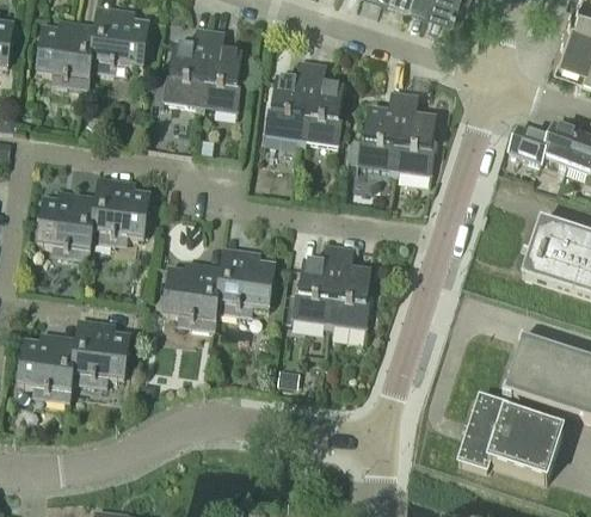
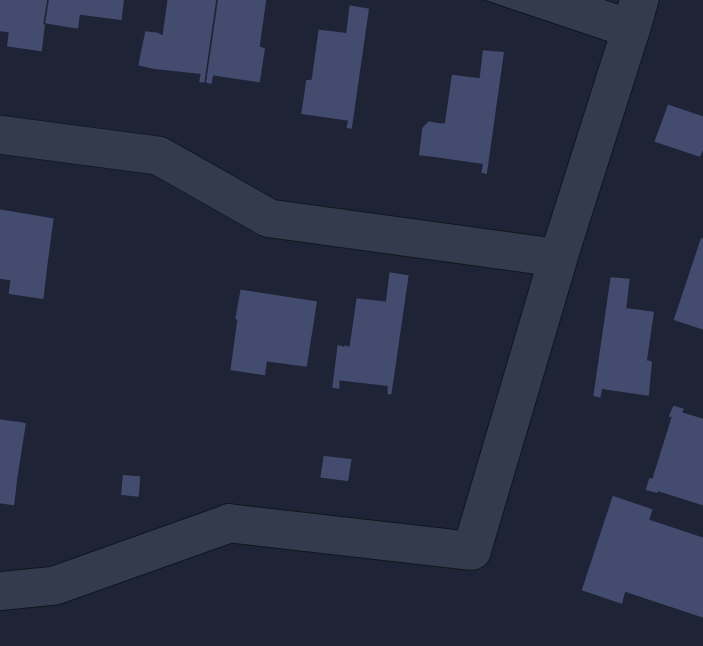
building: [301,60,345,143] -> none
building: [394,90,437,174] -> none
building: [91,185,149,244] -> none
building: [328,244,371,327] -> [592,277,655,398]
building: [162,266,221,330] -> none
building: [70,327,129,387] -> none

